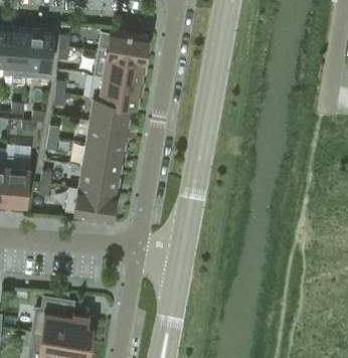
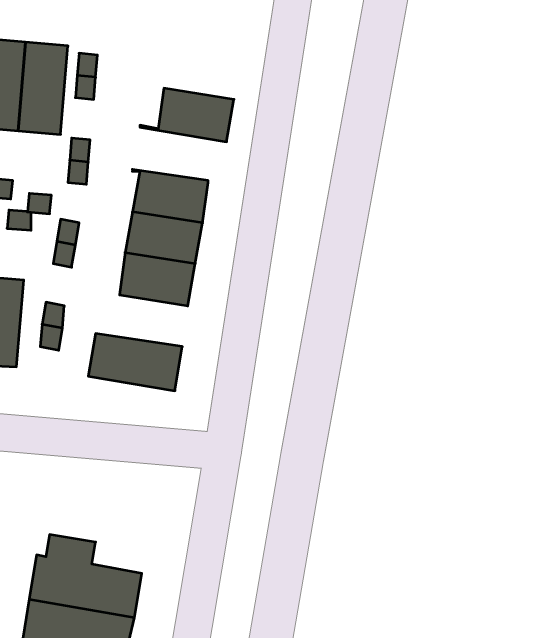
building: [107,31,149,60] -> none
building: [90,75,141,107] -> none
building: [69,167,120,195] -> none

